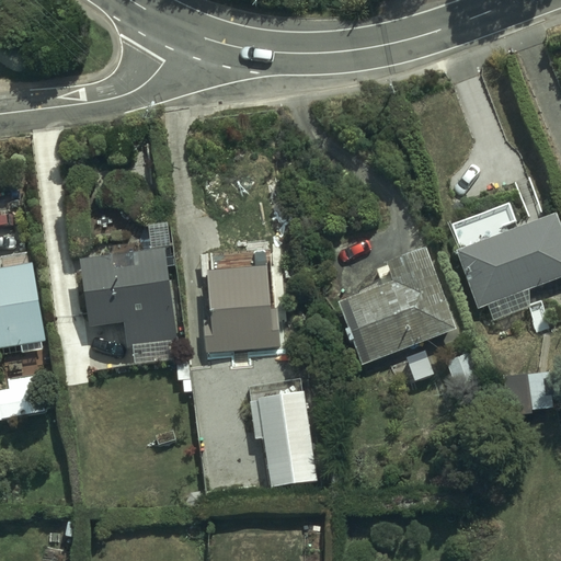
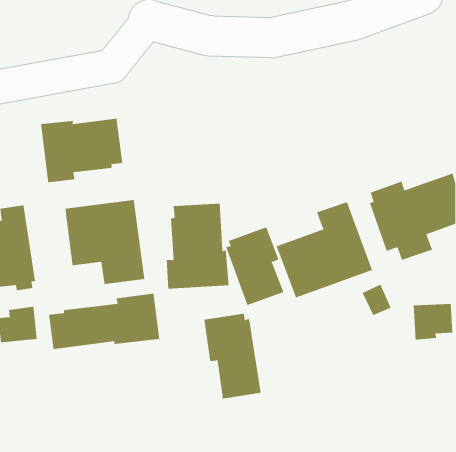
building: none -> [40,118,123,183]
building: none -> [226,226,284,306]
building: none -> [48,293,160,350]

